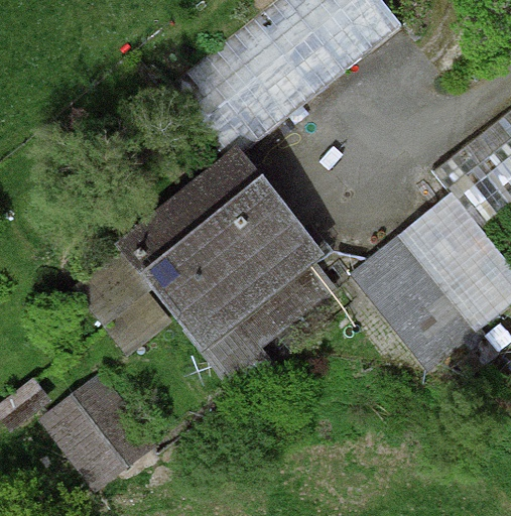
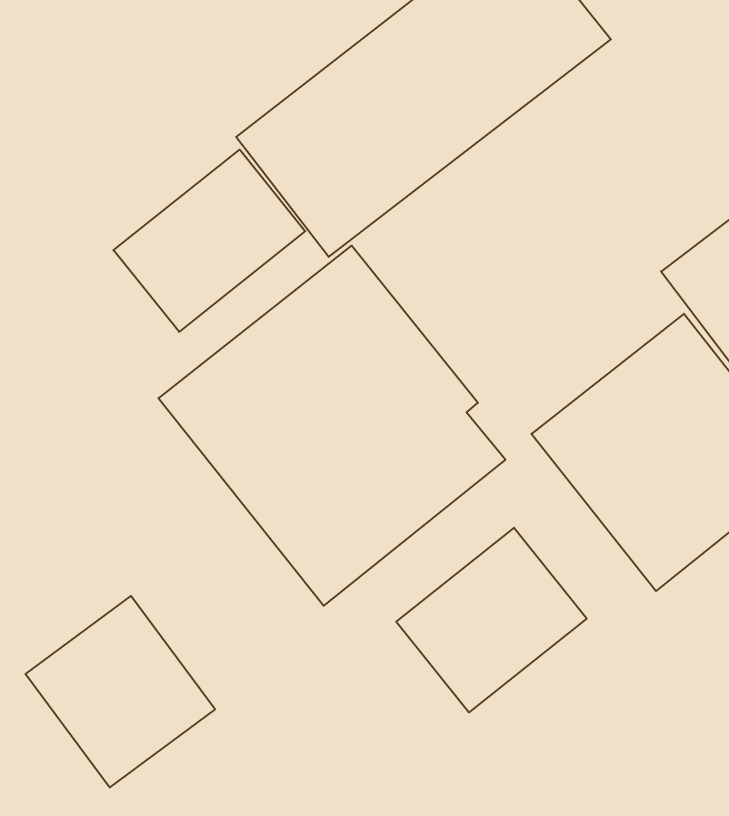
building: none -> [113,150,305,332]
building: none -> [396,528,587,712]

